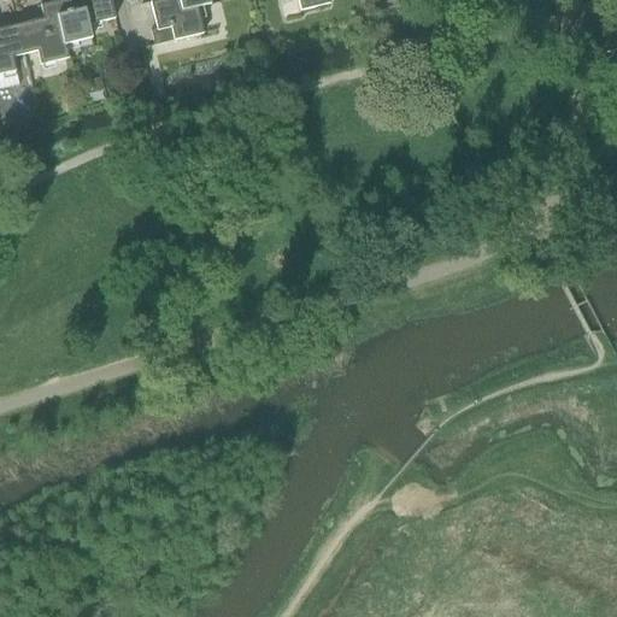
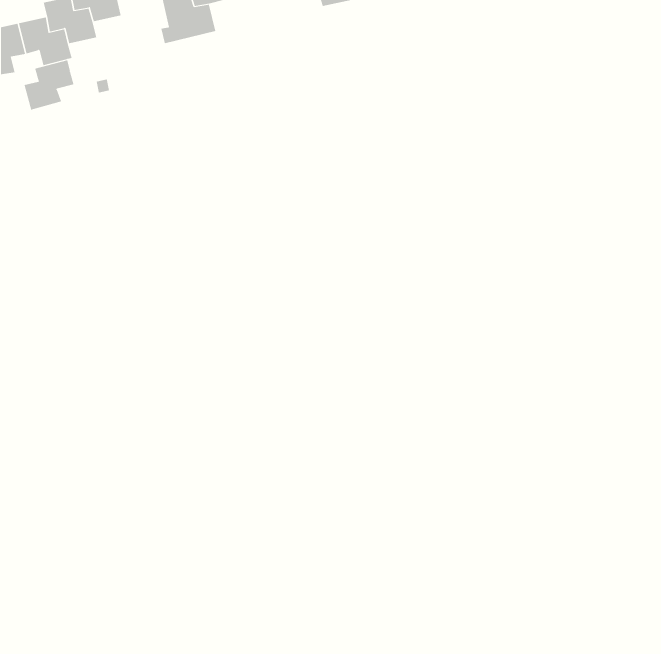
building: none -> [24,59,74,111]

